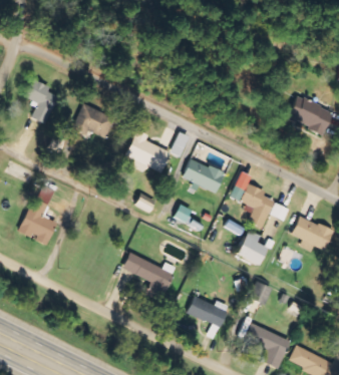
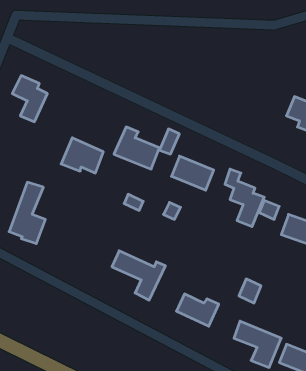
building: [72,103,114,138] -> [61,138,103,173]
building: [235,230,266,265] -> none

